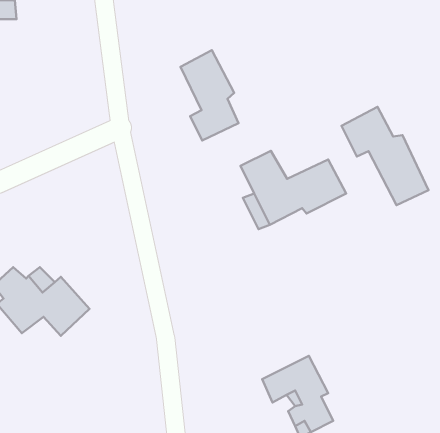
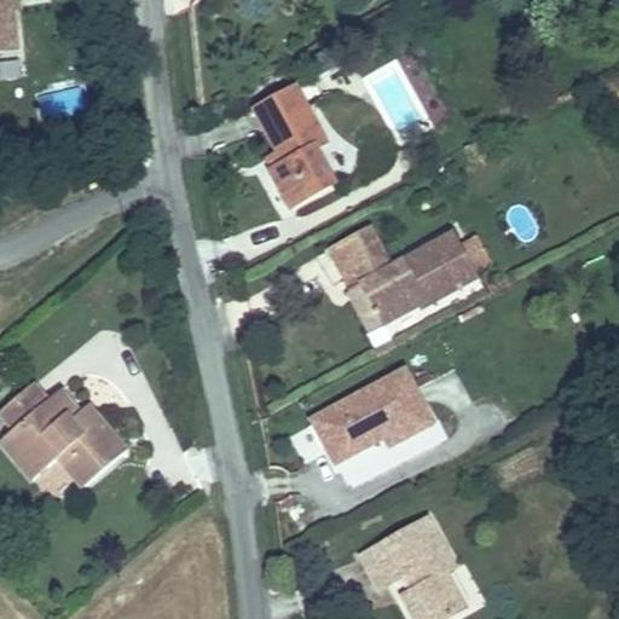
building: [342,107,429,205] -> none
building: none -> [312,374,429,462]

